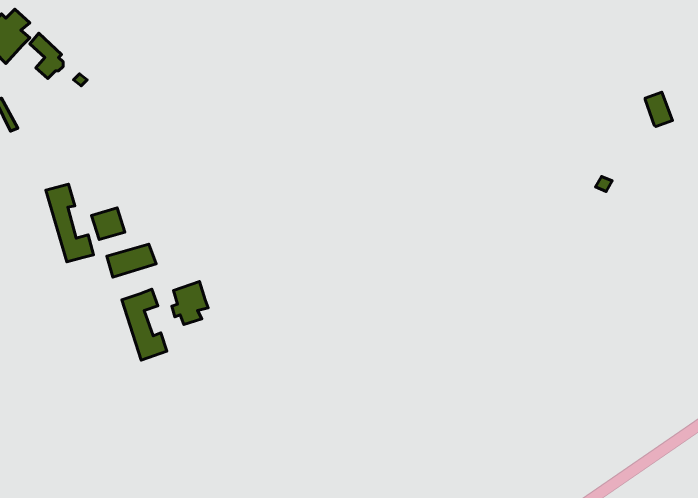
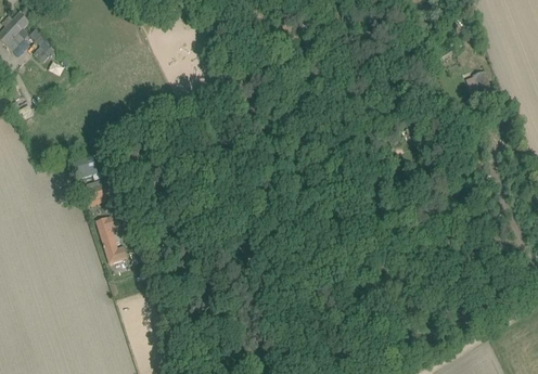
building: [46,184,93,262] -> none
building: [172,281,208,324] -> none

